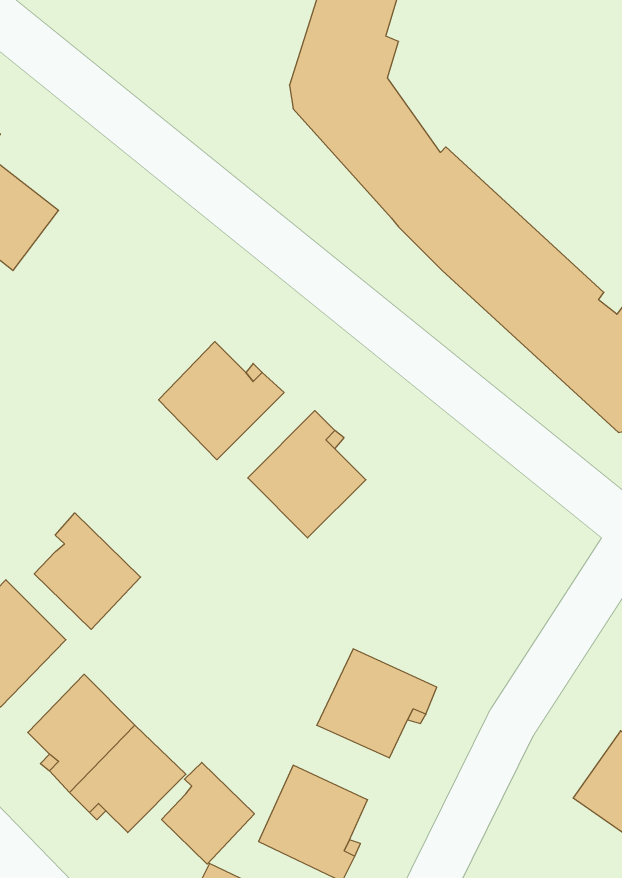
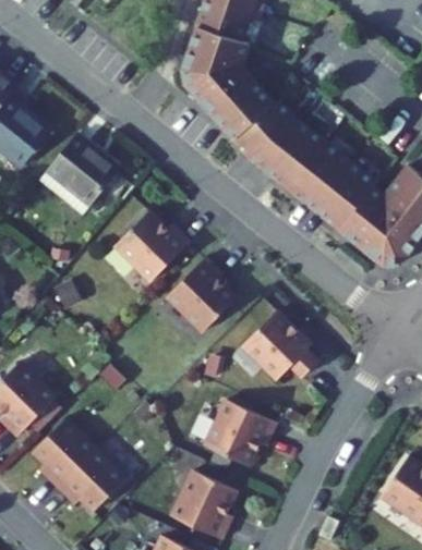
building: none -> [46,139,118,209]
building: none -> [241,311,316,380]
building: [34,513,141,629] -> none
building: [162,762,254,864] -> none

